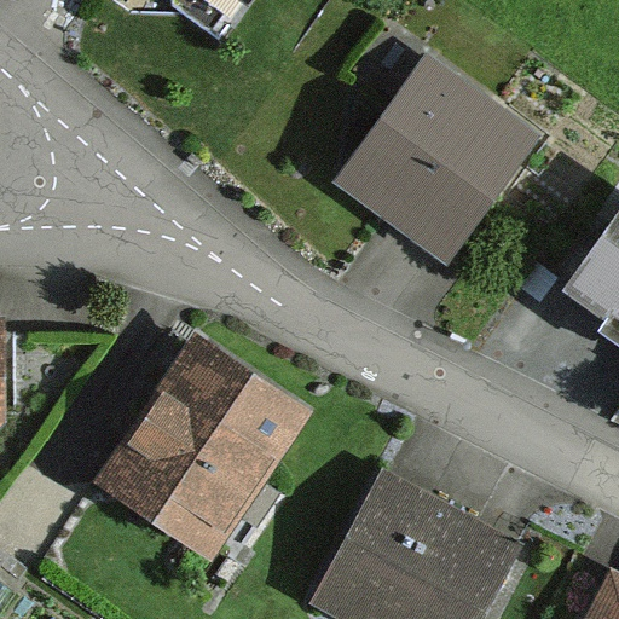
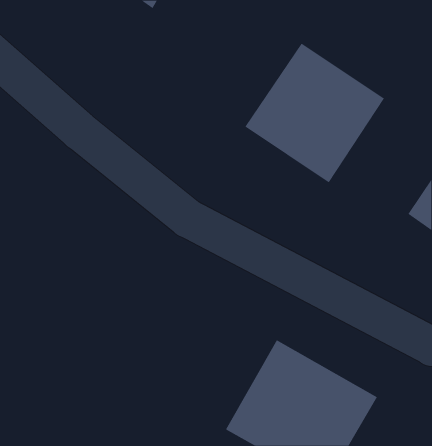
building: [103,339,311,556] -> none

